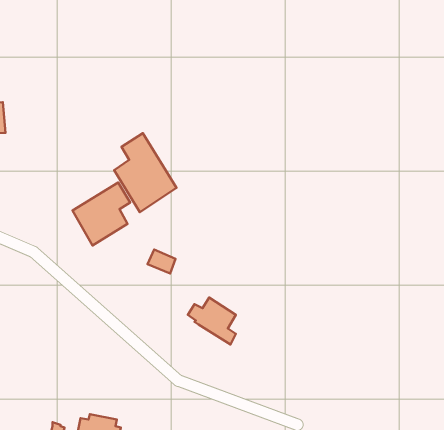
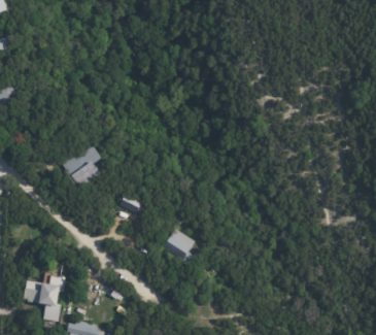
building: [114,133,177,212] -> none
building: none -> [23,275,65,323]

